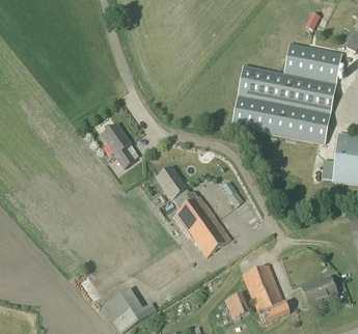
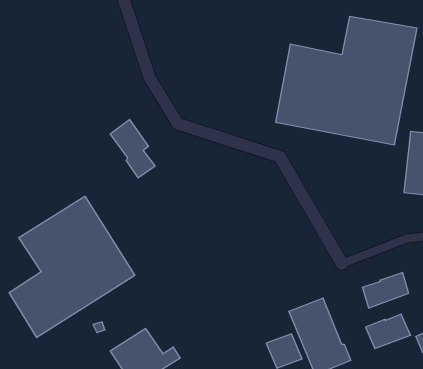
building: [157,166,231,256] -> none
building: none -> [9,196,135,338]
building: none -> [363,272,409,308]

